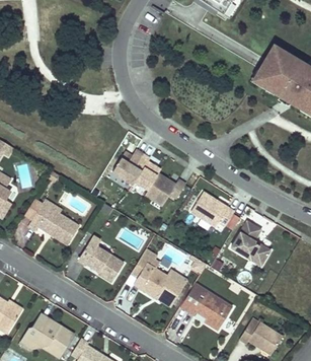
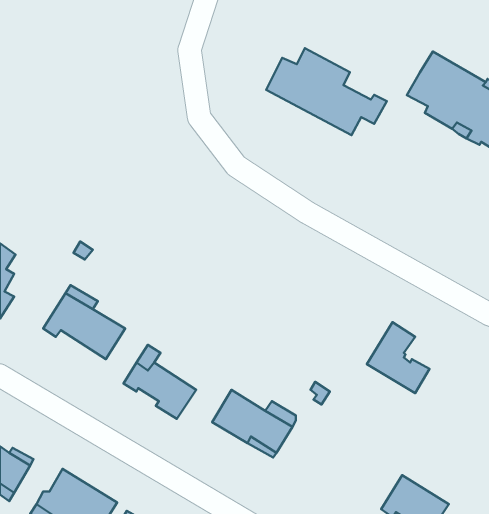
building: [109,149,185,204] -> [266,48,387,135]
building: [189,190,241,234] -> none
building: [181,282,233,328] -> none

